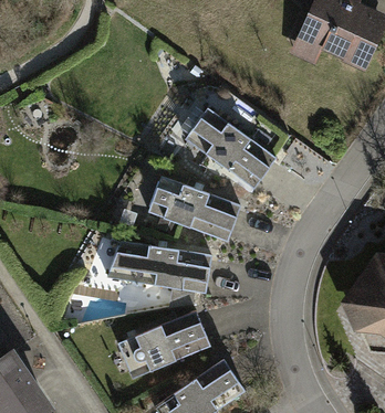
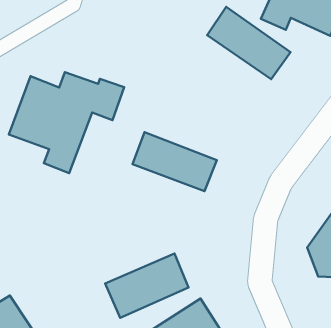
building: [185,108,277,188] -> [207,7,290,79]
building: none -> [9,72,124,173]
building: [110,239,212,309] -> none

